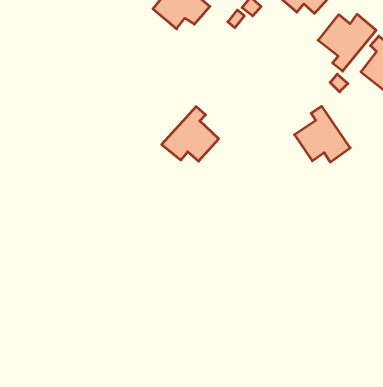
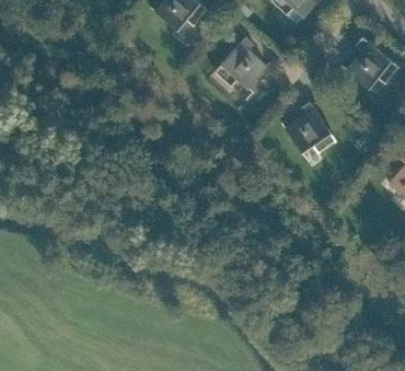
building: [318,14,376,71] -> none
building: [162,107,219,161] -> [213,38,266,89]

